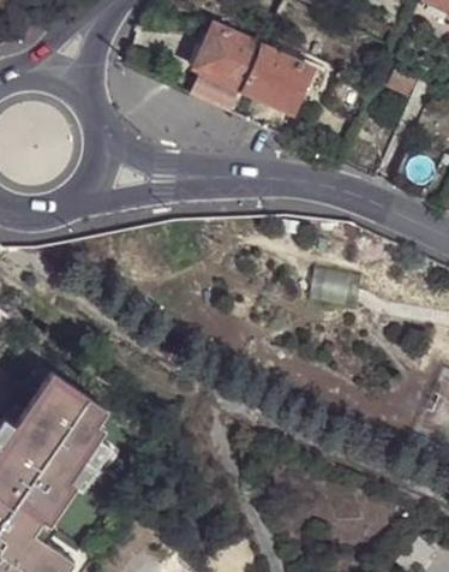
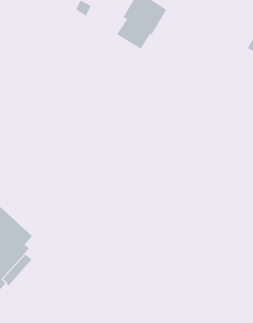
building: [243,49,311,113] -> none

